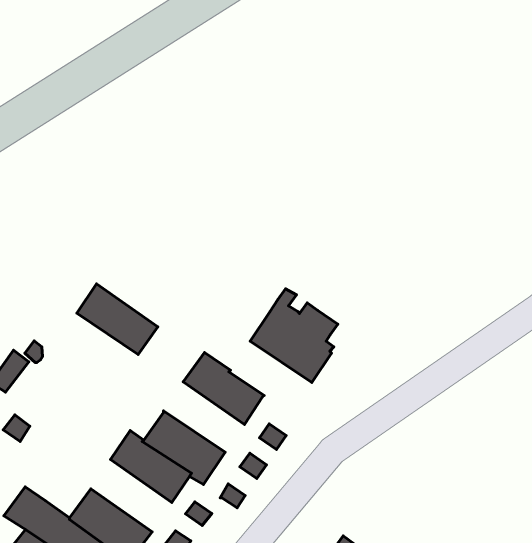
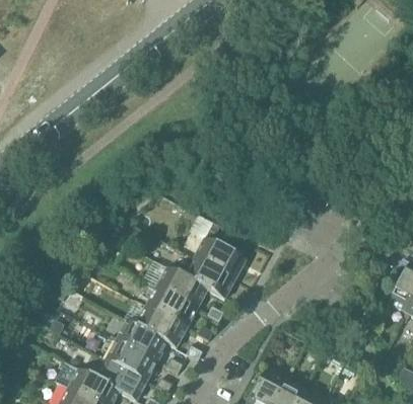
building: [77,284,158,354] -> [145,287,196,327]
building: none -> [183,257,234,300]
building: none -> [106,339,156,381]

